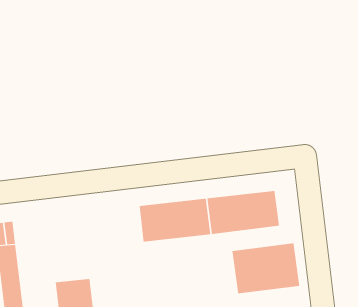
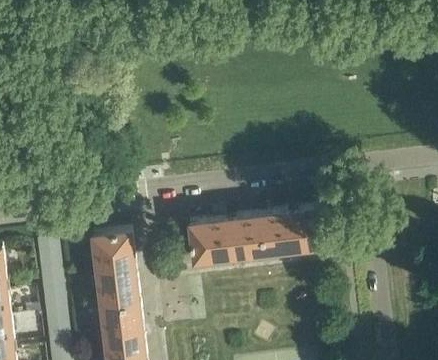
building: none -> [92,233,138,306]
building: [232,243,300,294] -> none

